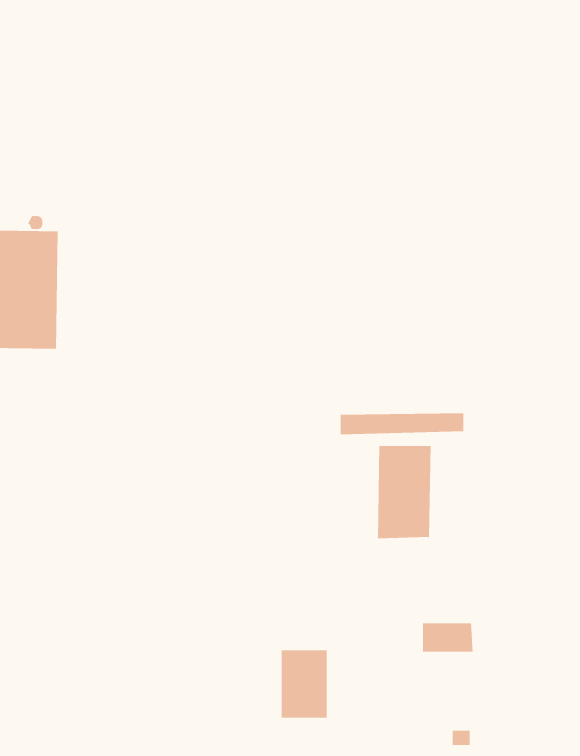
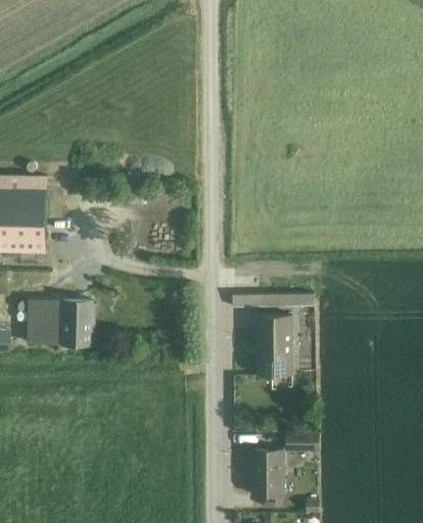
building: none -> [28,301,93,344]
building: [281,650,327,718] -> [252,450,283,495]

